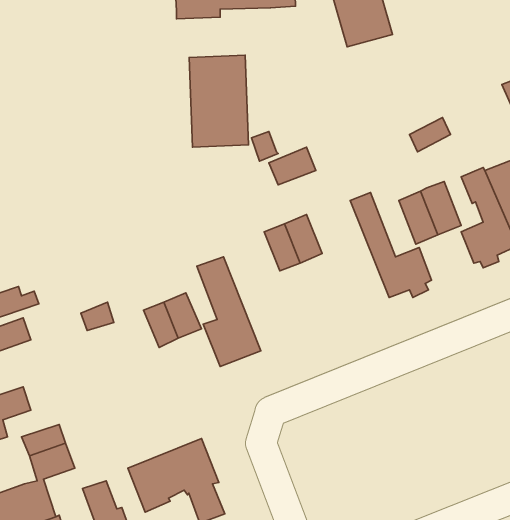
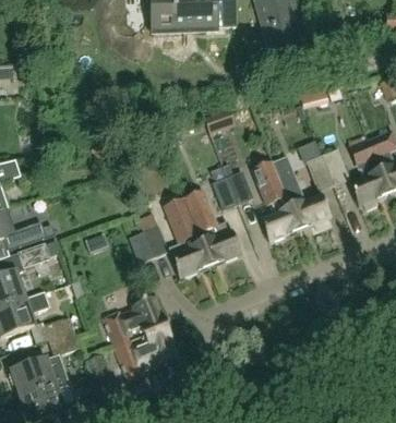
building: [189,55,249,147] -> none
building: none -> [251,160,299,241]
building: none -> [183,191,239,265]
building: none -> [104,295,168,347]

